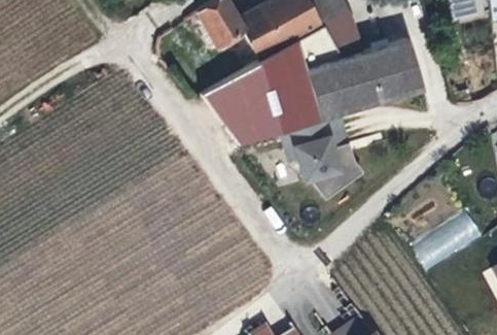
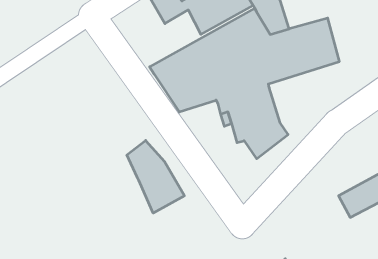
building: none -> [127,140,184,213]

